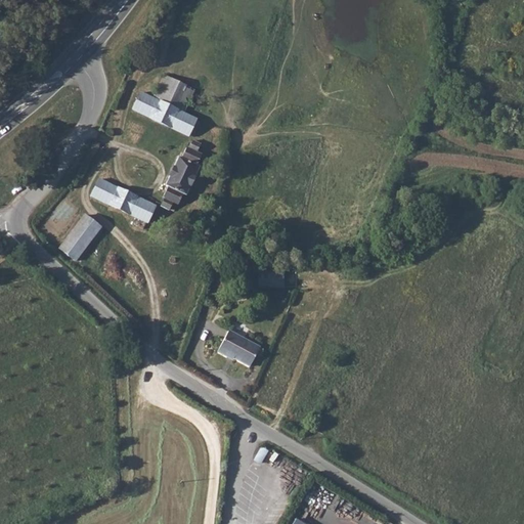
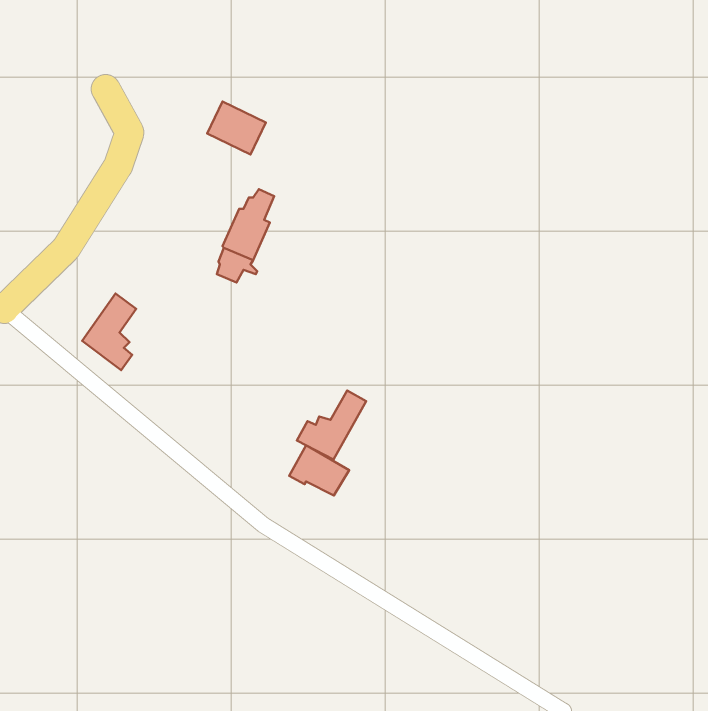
building: [132,92,199,133] -> none
building: [94,178,159,224] -> none
building: none -> [297,391,366,460]

